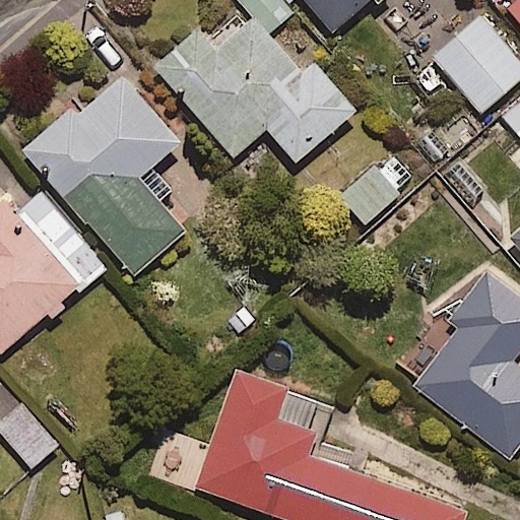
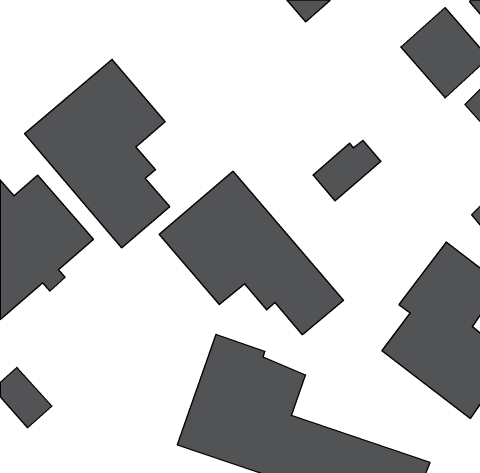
building: [154,17,354,162] -> none
building: none -> [159,171,343,335]

